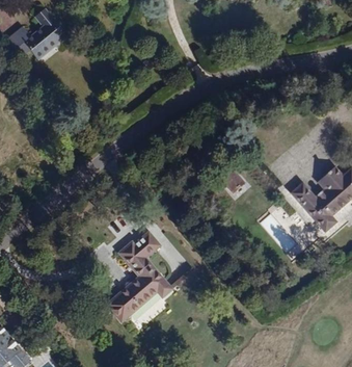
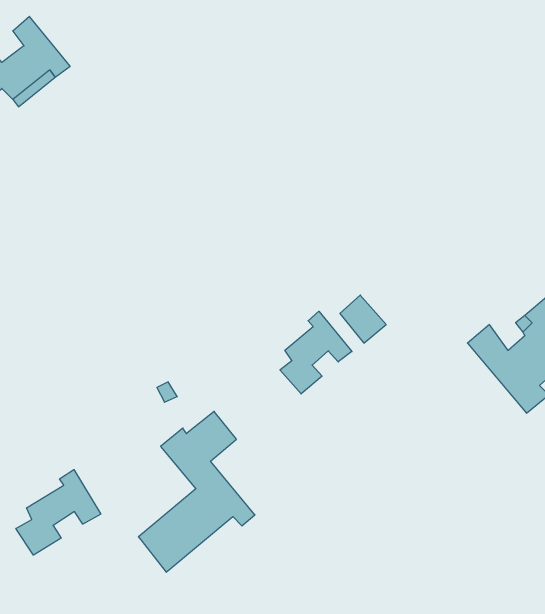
building: none -> [280,311,352,394]
building: none -> [16,470,101,555]

